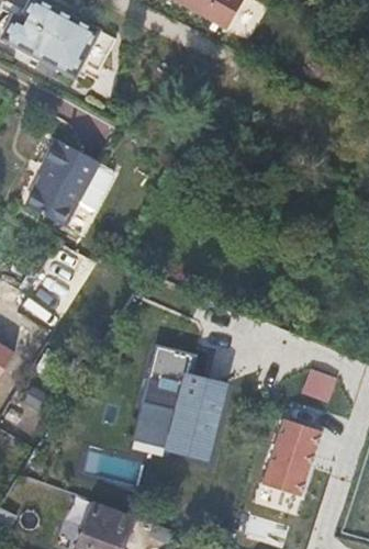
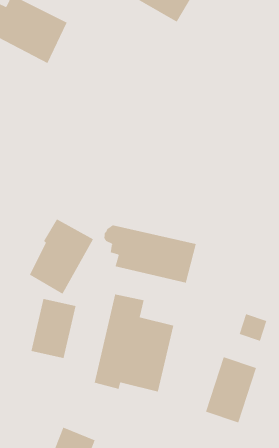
building: [25,137,101,226] -> [29,218,94,294]
building: none -> [104,225,197,284]
building: none -> [31,298,76,359]

